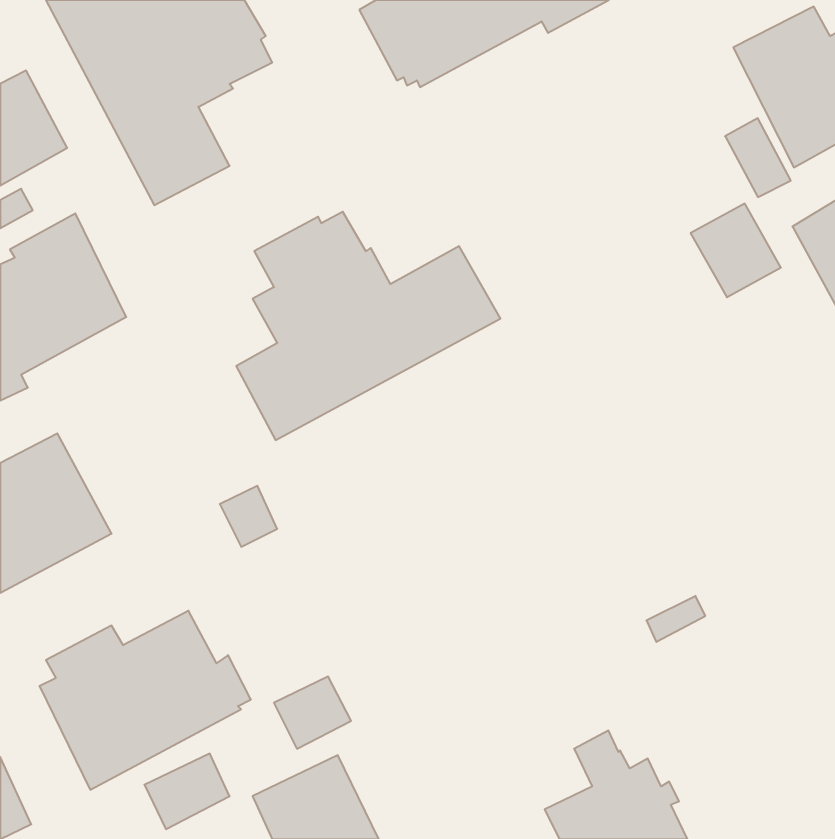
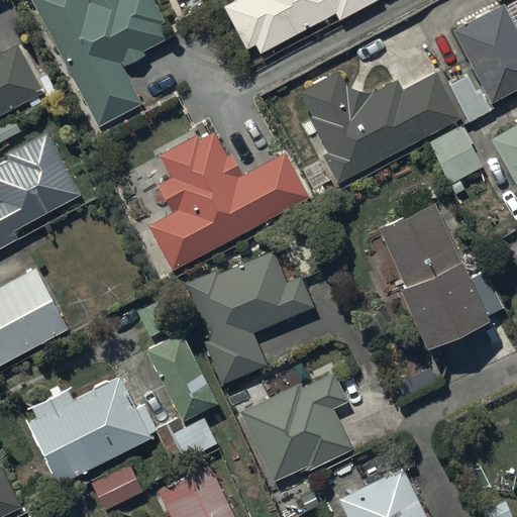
building: none -> [299,71,459,183]
building: none -> [379,202,504,348]
building: none -> [184,249,313,384]
building: none -> [143,331,218,421]
building: none -> [239,373,353,482]

